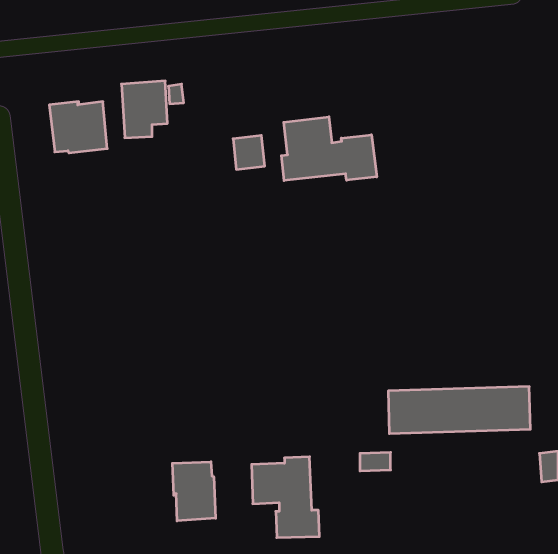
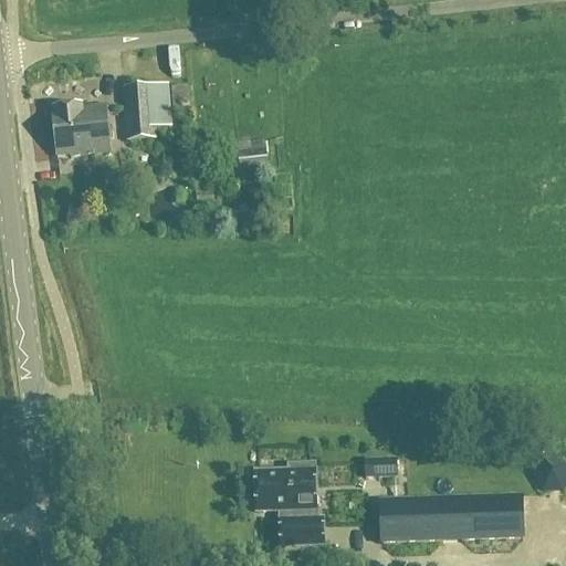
building: [281,117,377,181] -> none
building: [388,387,530,434] -> [378,494,522,542]
building: [172,462,216,521] -> none

